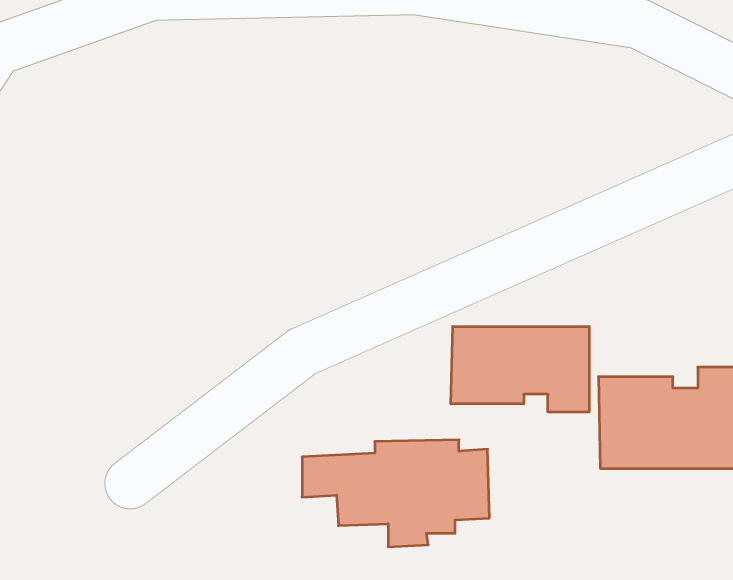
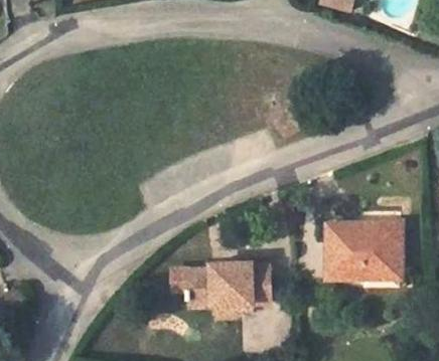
building: [451,326,589,412] -> none

